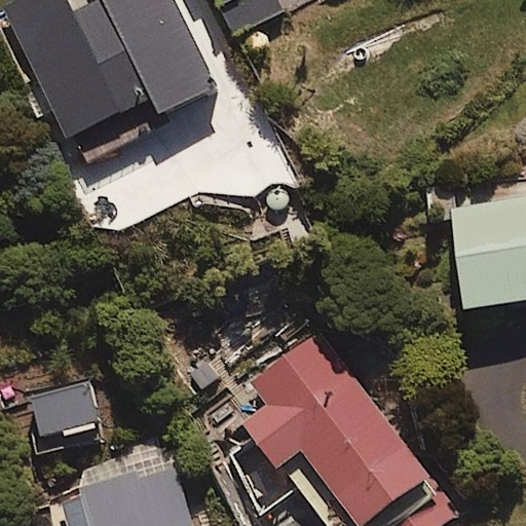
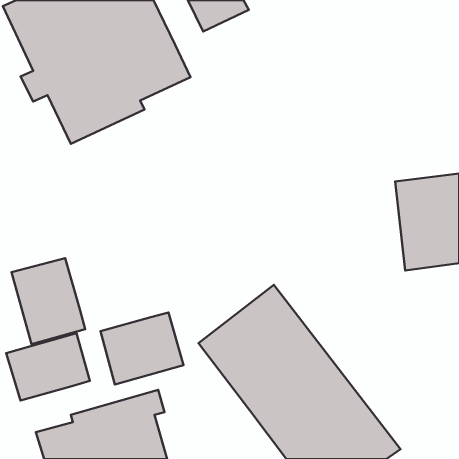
building: none -> [11,258,85,344]
building: none -> [101,312,183,385]

